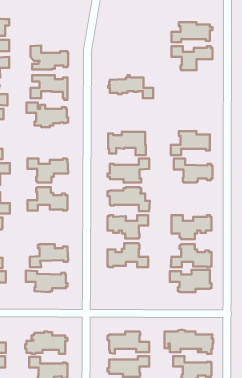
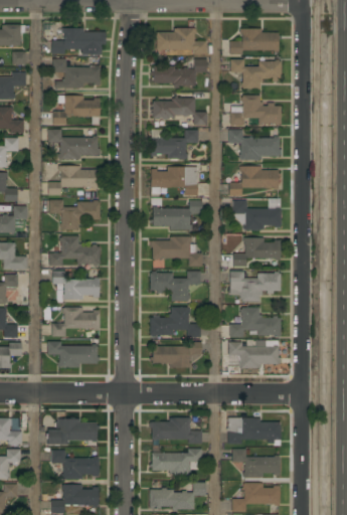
building: none -> [51,28,106,55]
building: none -> [154,28,207,54]
building: none -> [151,59,207,89]
building: none -> [230,96,282,126]
building: none -> [150,130,198,161]
building: none -> [229,130,282,160]
building: none -> [48,166,98,195]
building: none -> [233,238,281,267]
building: none -> [52,271,100,300]
building: none -> [150,342,202,368]

